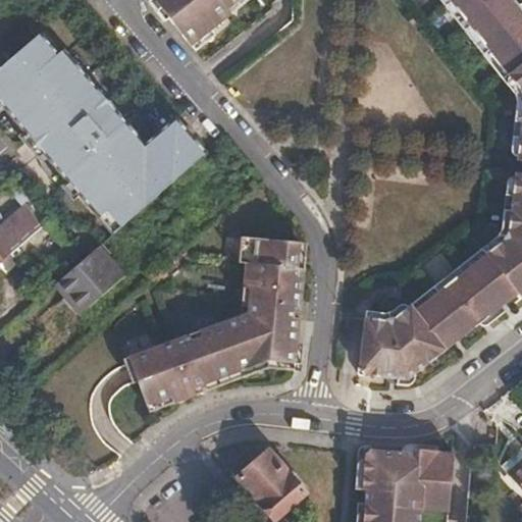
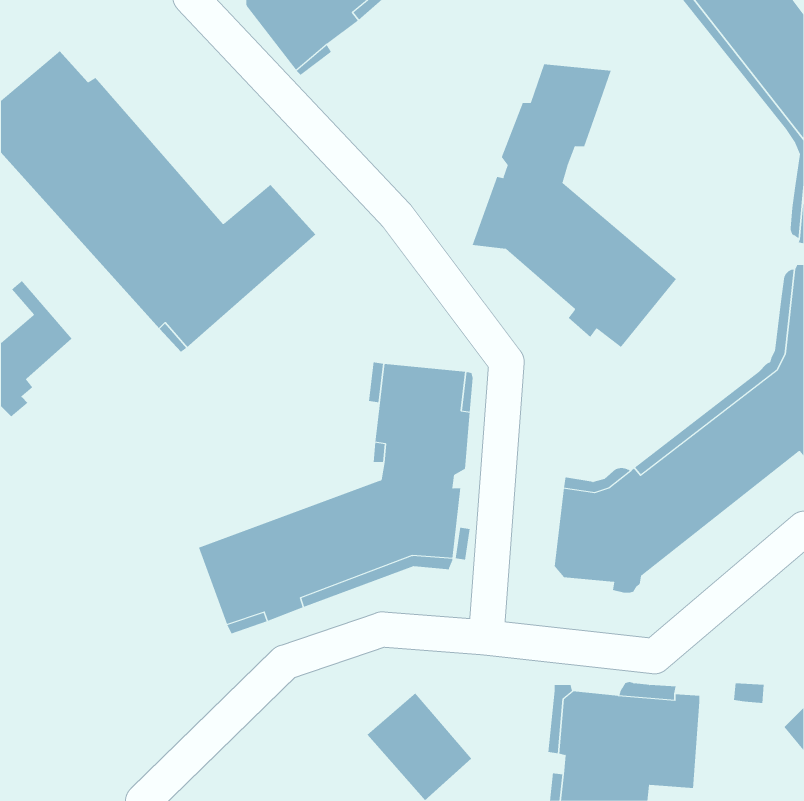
building: none -> [472,64,677,348]
building: [54,245,125,313] -> none

